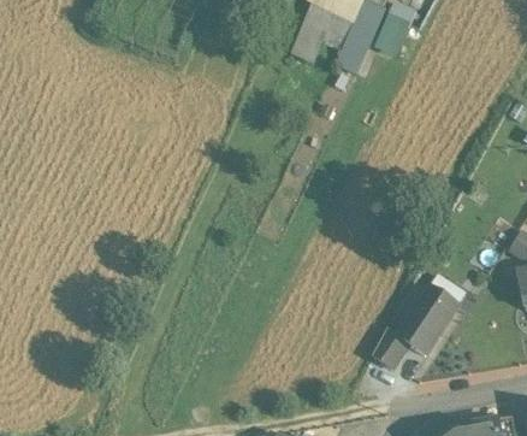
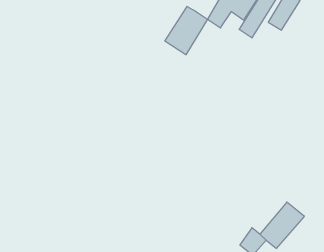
building: none -> [165,6,208,55]

